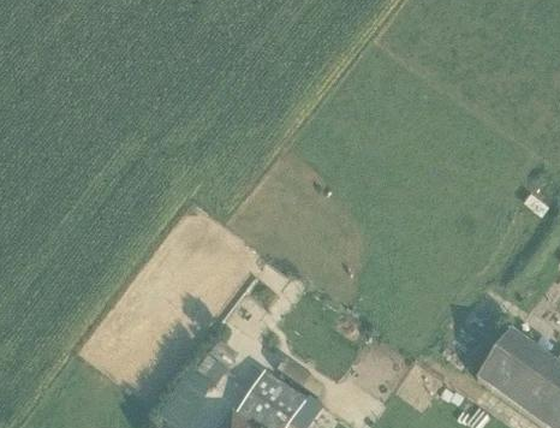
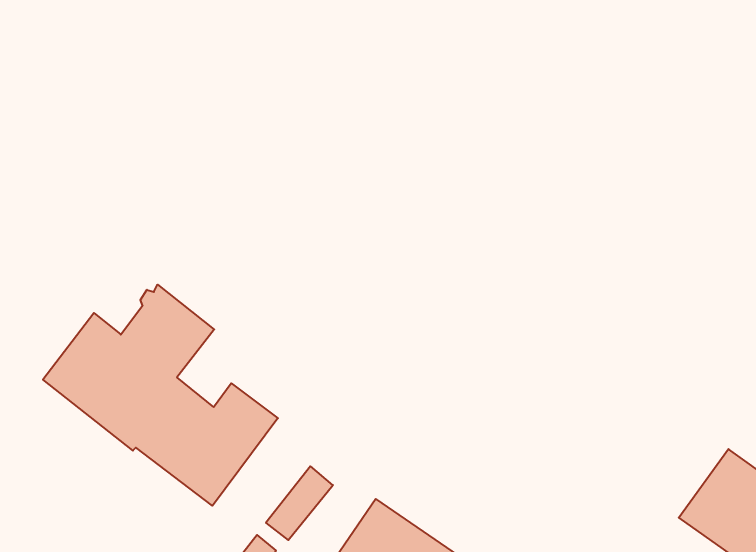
building: none -> [43,285,278,506]

